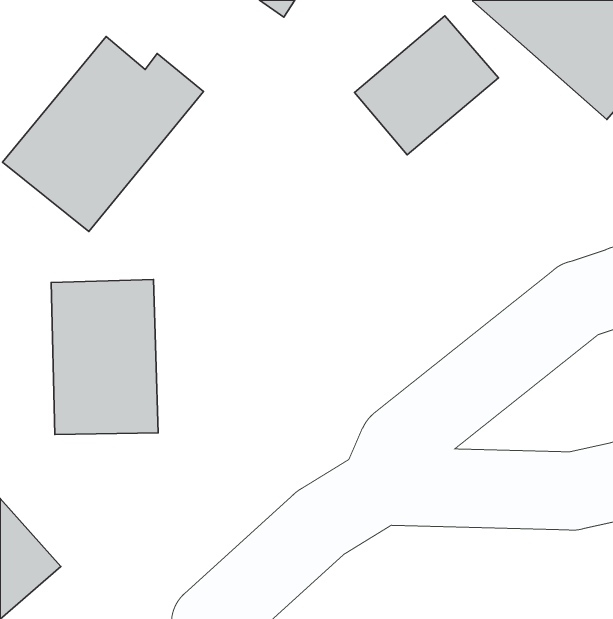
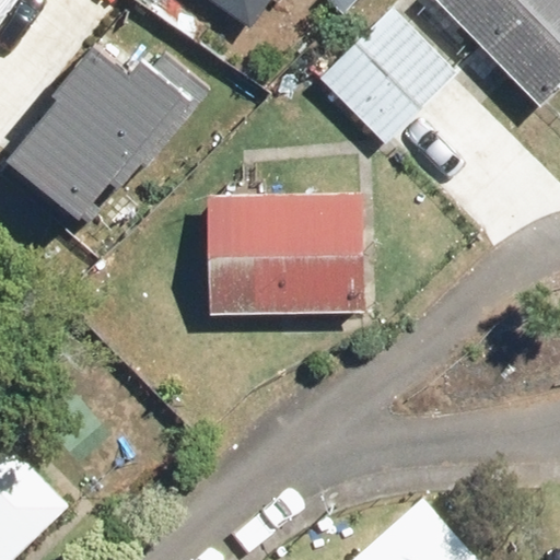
building: none -> [205,188,363,320]
building: [51,280,158,434] -> none

